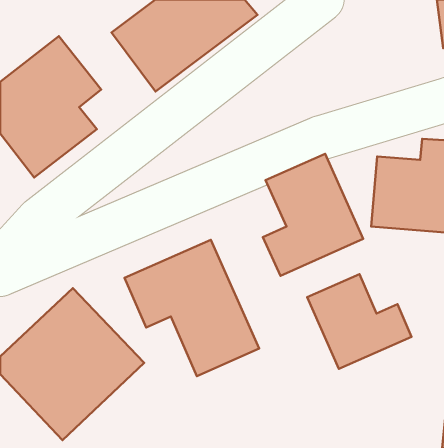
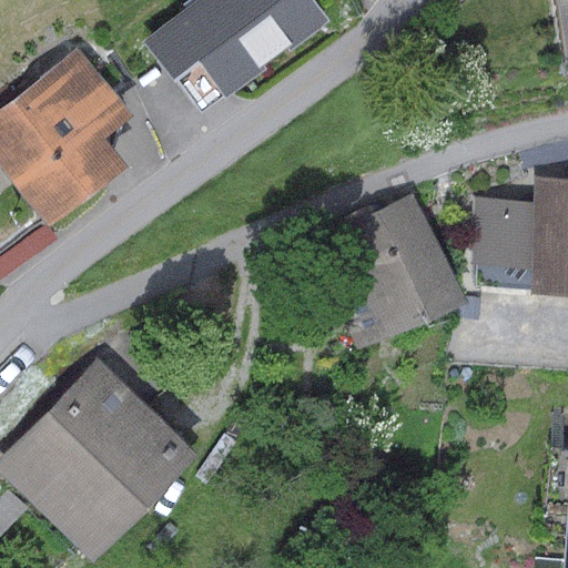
building: [124,240,259,376] -> none
building: [307,274,412,369] -> none

